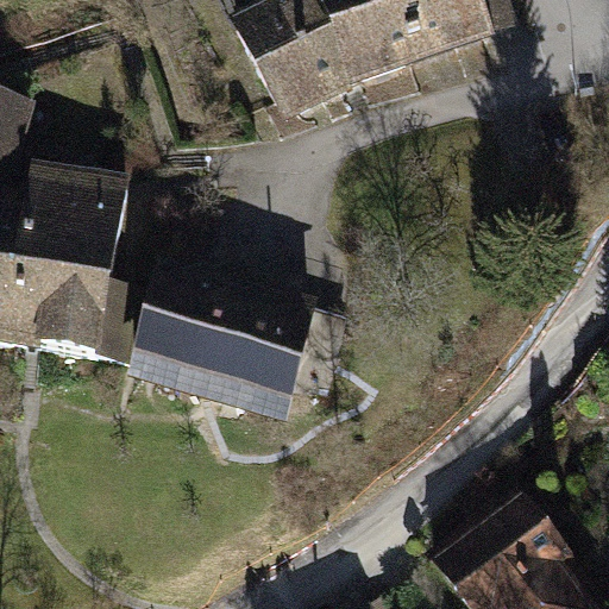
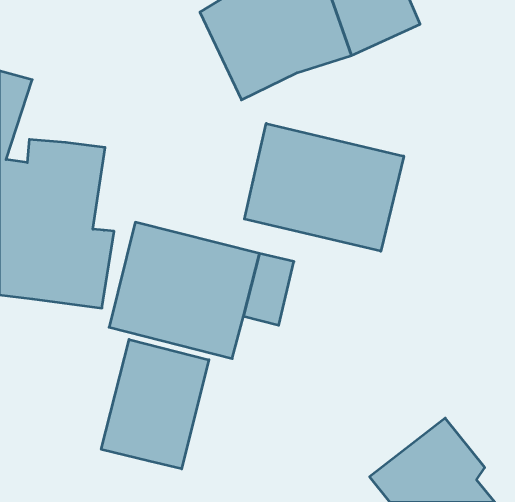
building: none -> [244,123,404,251]
building: none -> [101,339,209,469]

